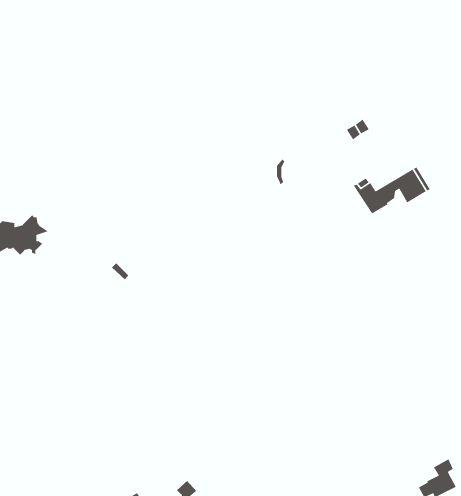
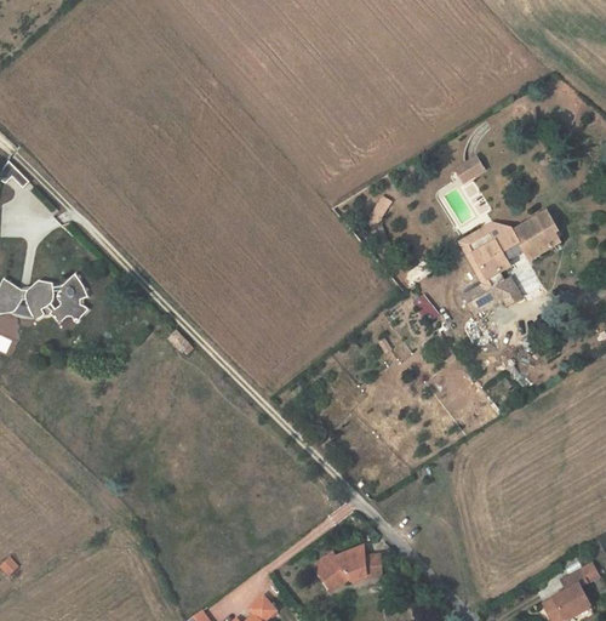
building: none -> [463,267,522,310]
building: none -> [313,546,382,591]

